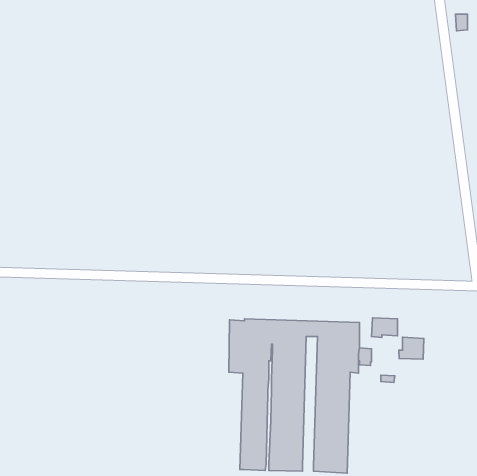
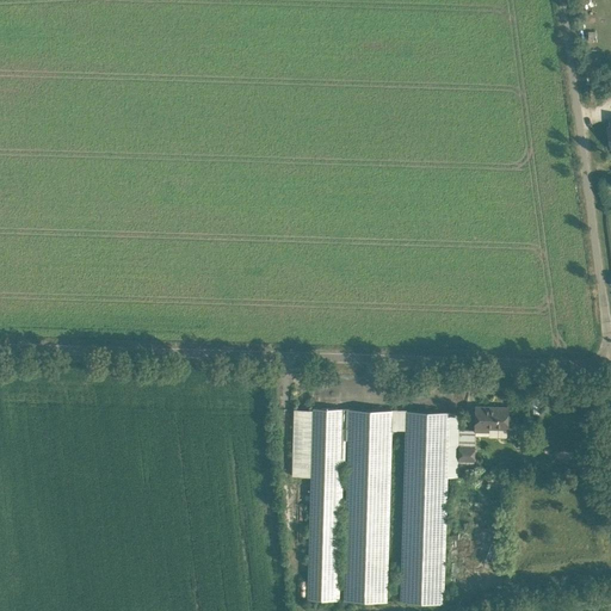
building: [399,337,424,359] -> none

